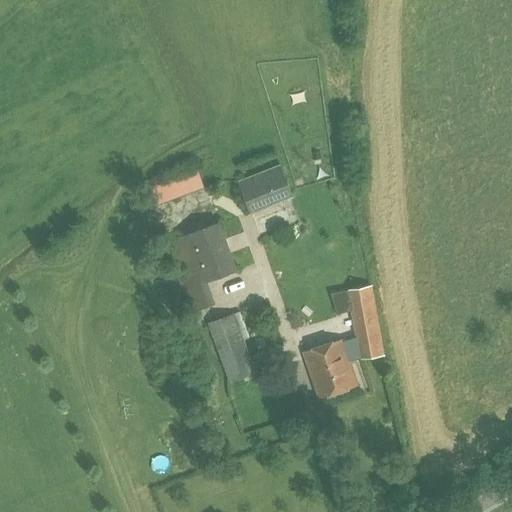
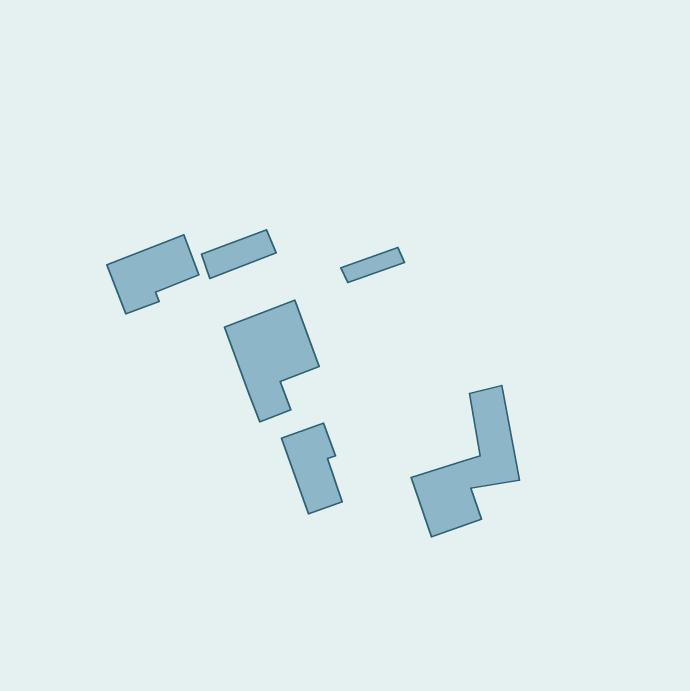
building: [246,164,284,196] -> none
building: none -> [107,235,199,314]

